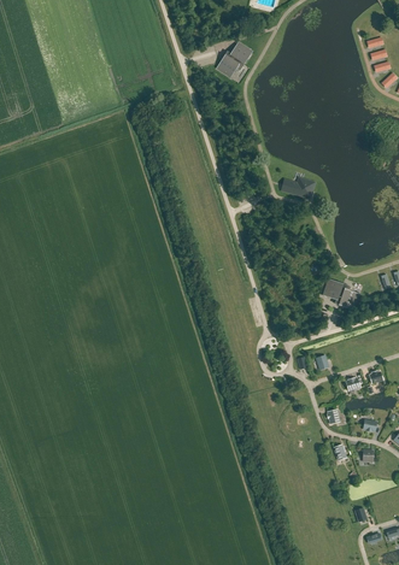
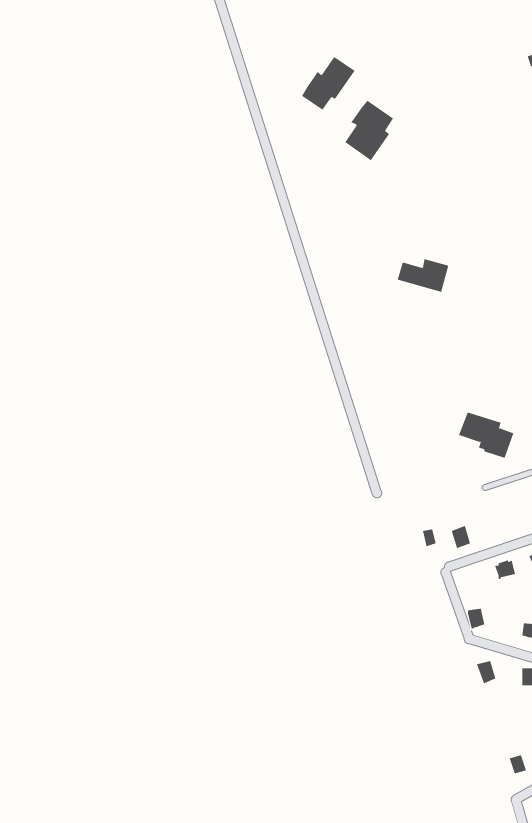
building: none -> [344,100,394,161]

